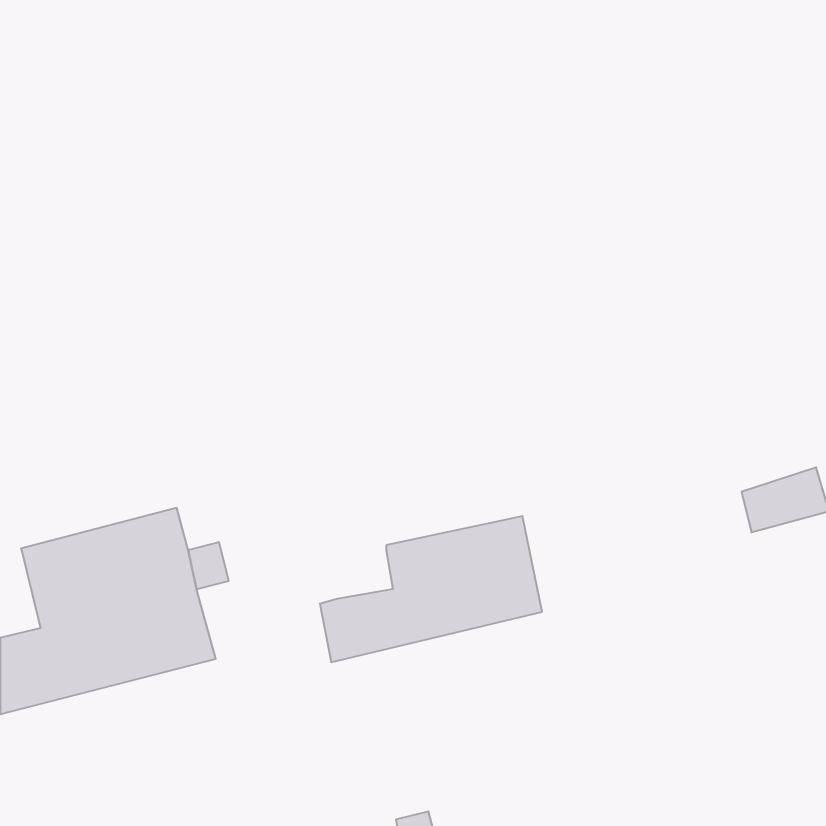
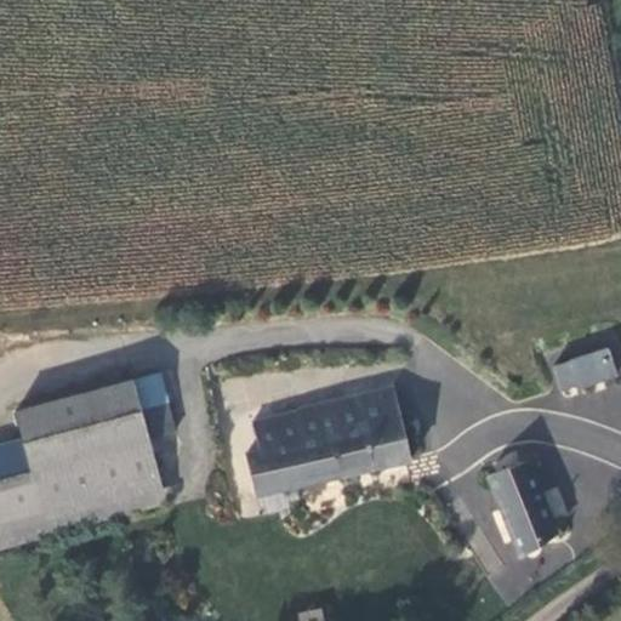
building: none -> [249,414,296,450]
building: none -> [494,455,557,549]

